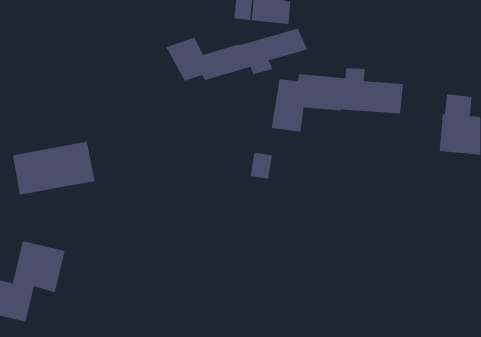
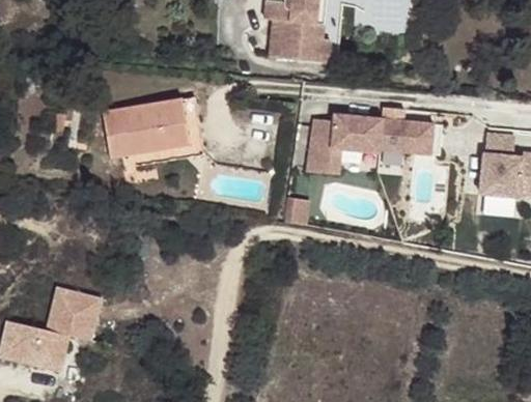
building: [165,28,308,82] -> none
building: [12,141,96,195] -> [103,96,189,152]

